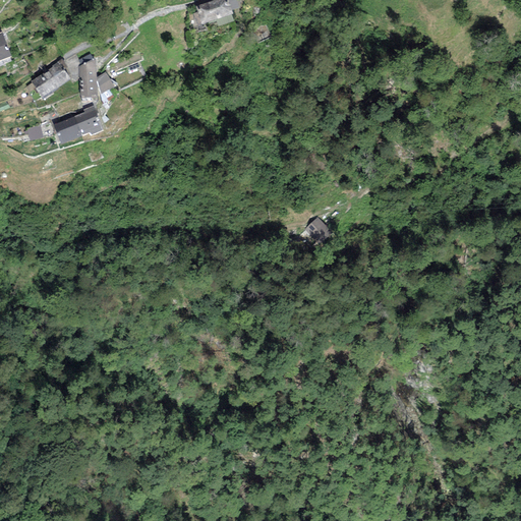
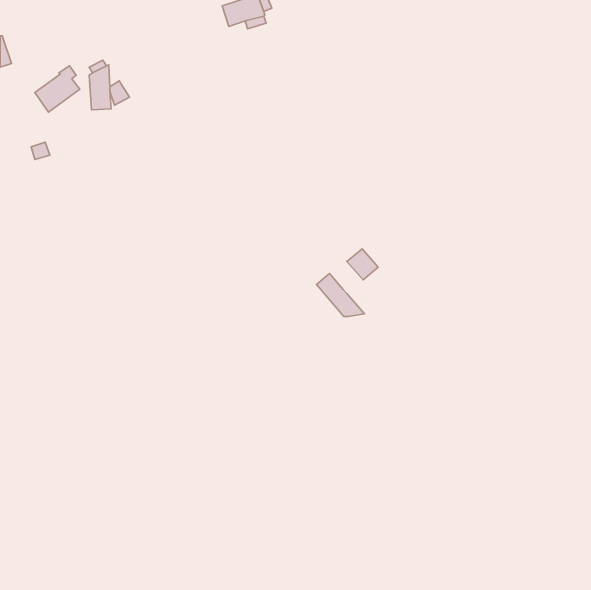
building: [53,105,103,142] -> none
building: none -> [317,274,365,317]

